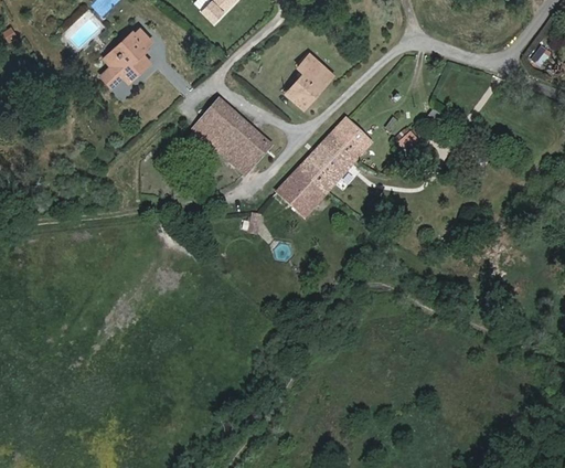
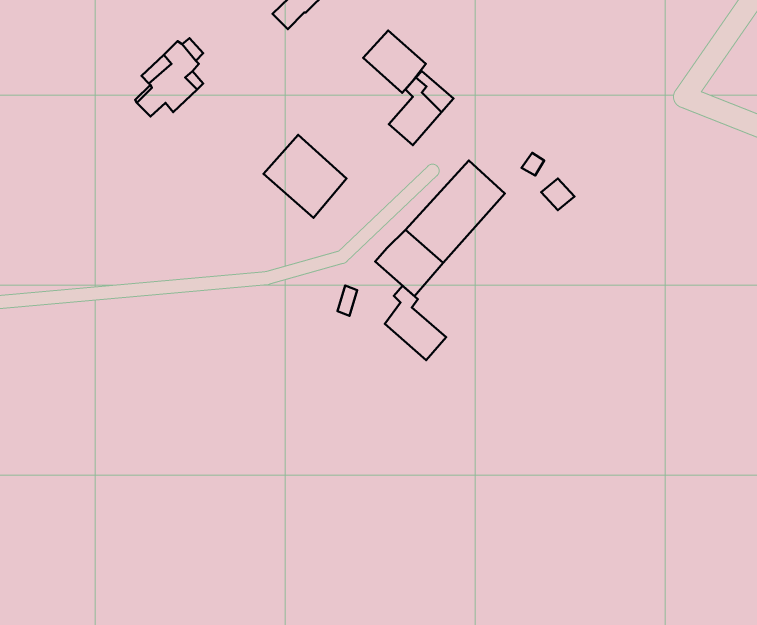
building: none -> [363,30,426,93]
building: [231,131,270,173] -> none
building: none -> [385,286,446,360]

